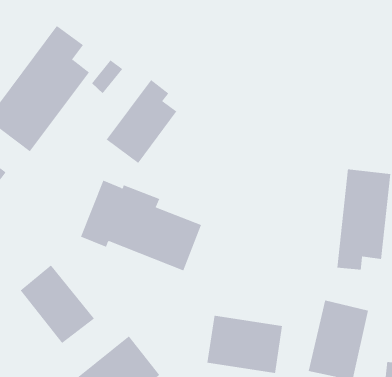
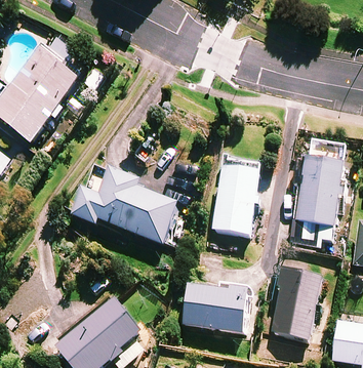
building: [106,79,177,164] -> none
building: none -> [211,156,260,234]
building: [20,265,95,344] -> none

